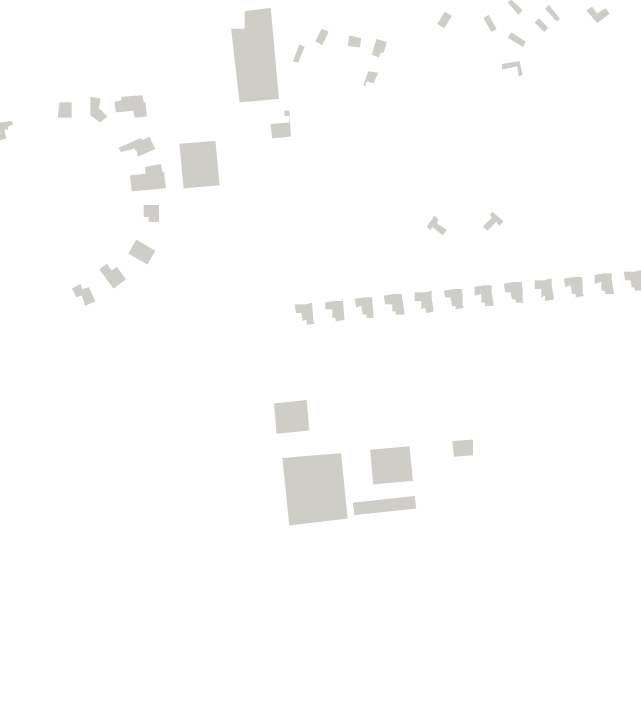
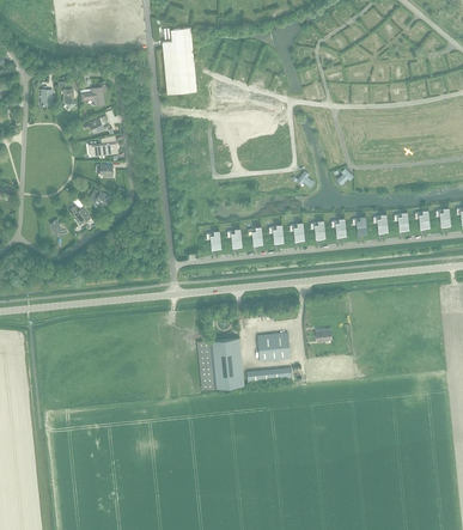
building: [178,140,220,189] -> none
building: [273,399,310,434] -> none

